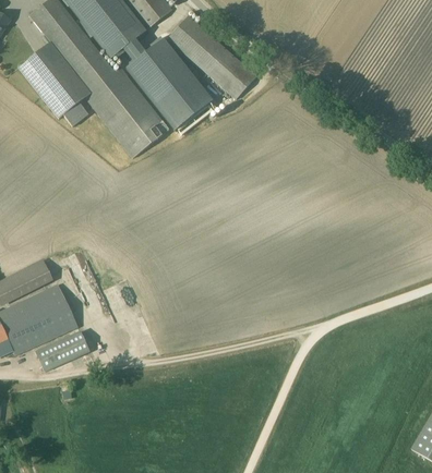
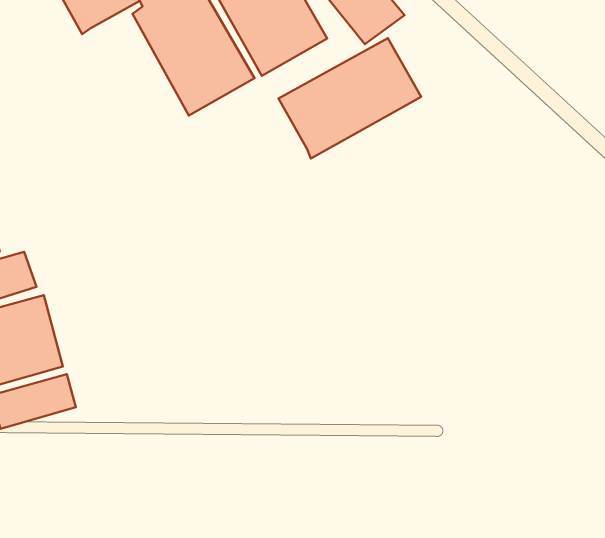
building: none -> [279,38,421,159]

